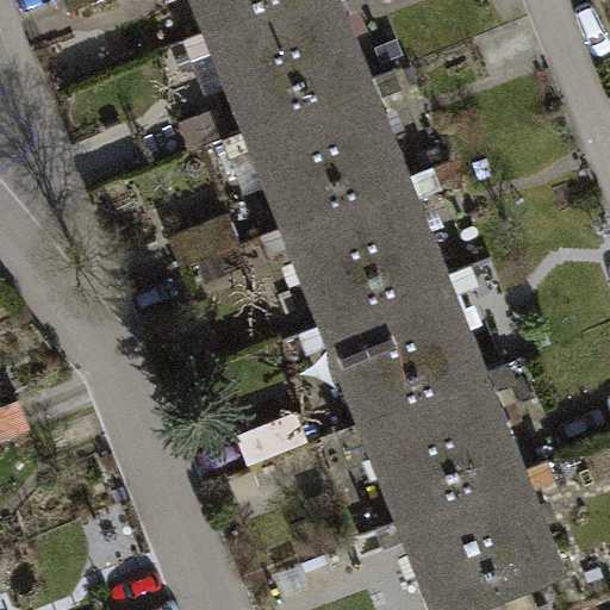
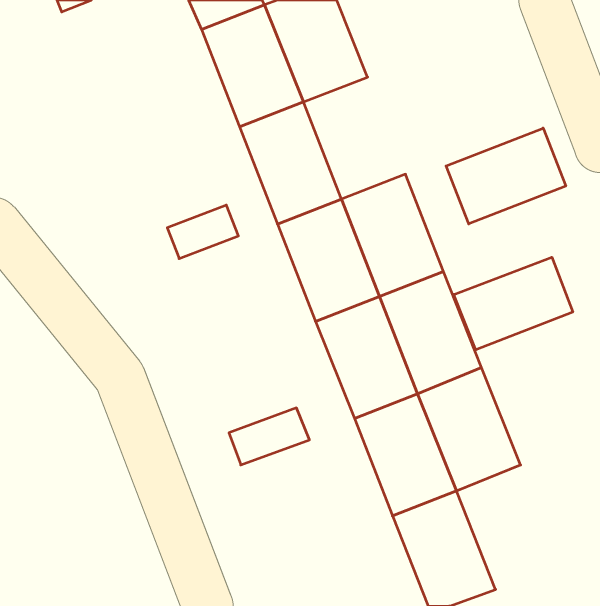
building: [305,77,407,200] -> none
building: none -> [446,128,566,224]
building: none -> [454,257,573,350]
building: [459,467,562,592] -> none

